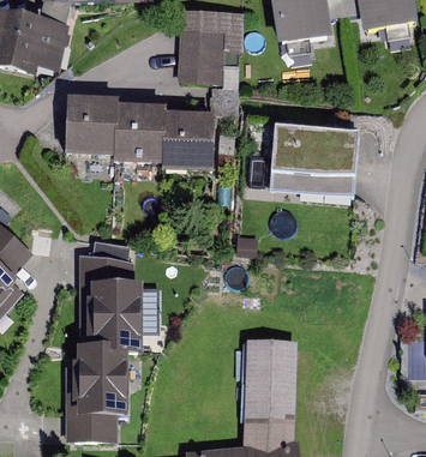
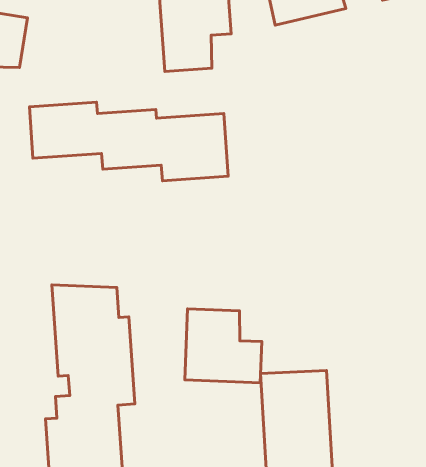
building: [266,124,358,194] -> none
building: none -> [185,309,262,383]

